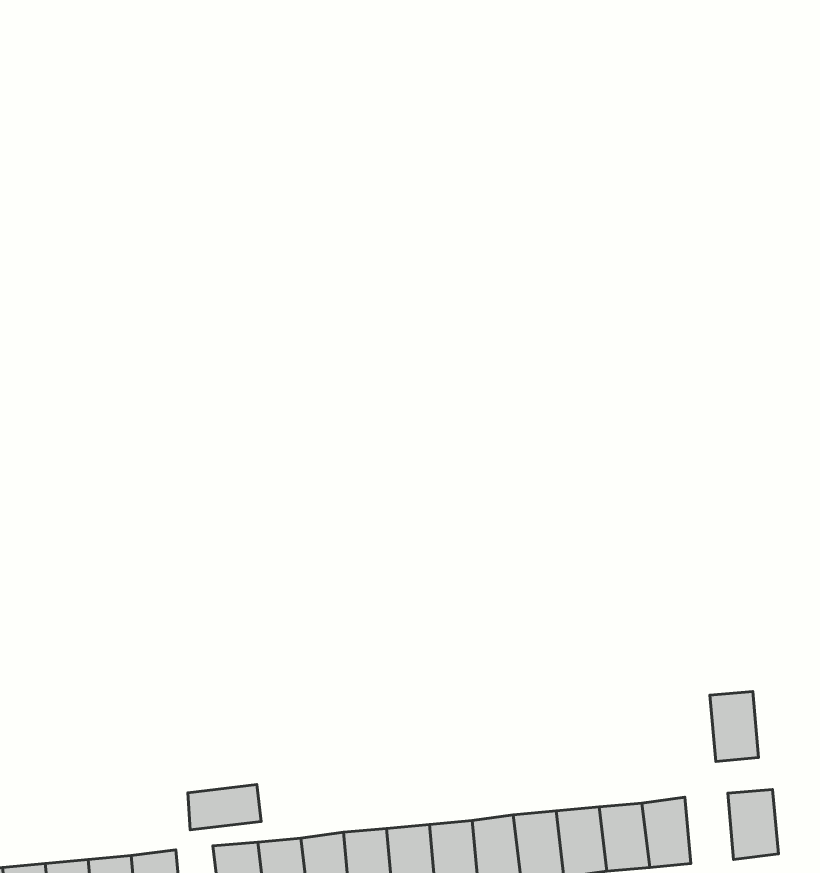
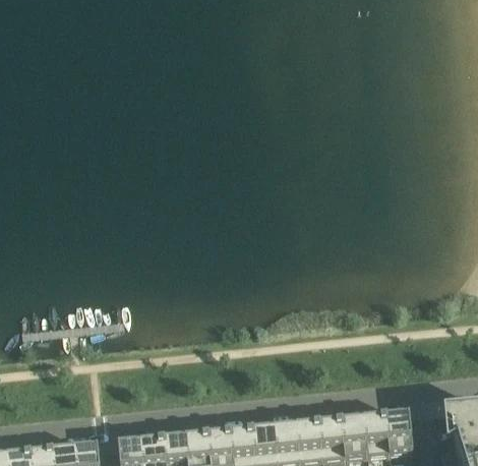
building: [710,691,759,762] -> [364,415,390,452]
building: [188,785,261,830] -> none

